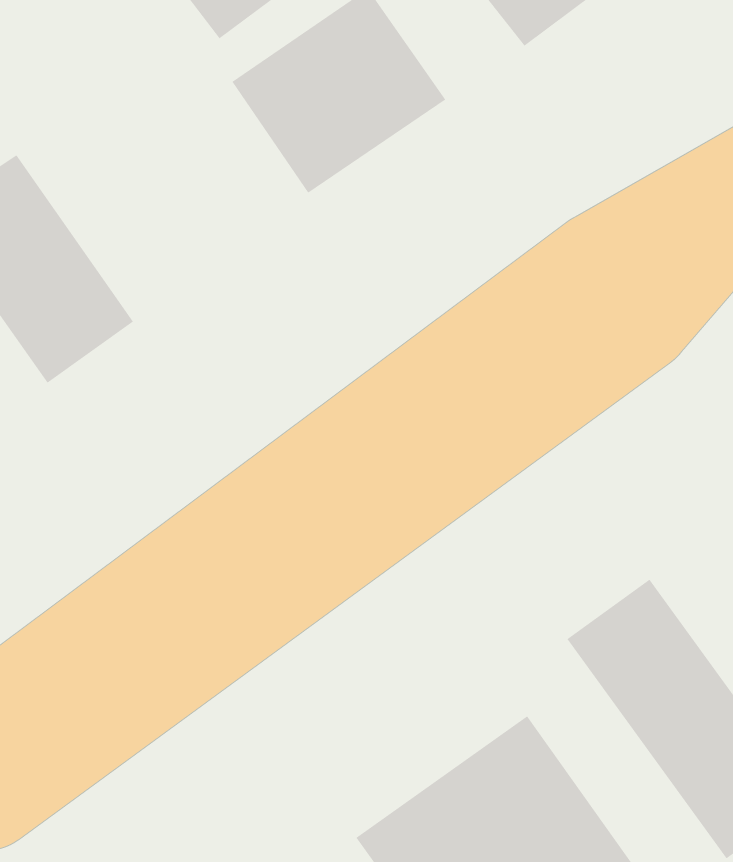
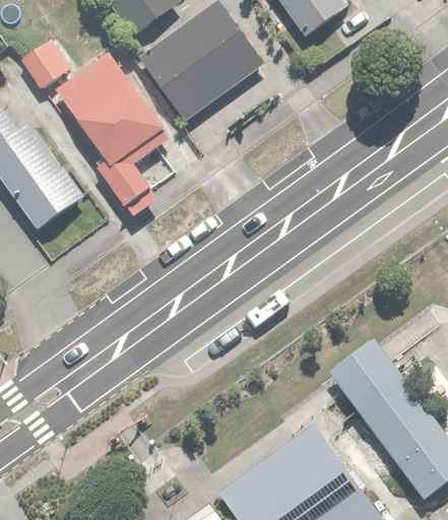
building: none -> [21,39,74,90]
building: none -> [53,51,168,206]

